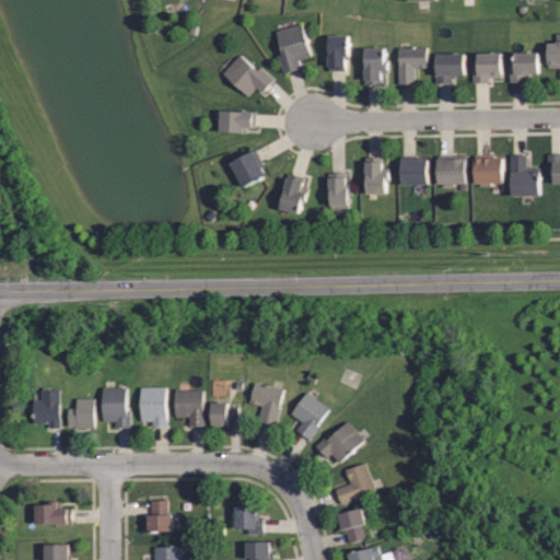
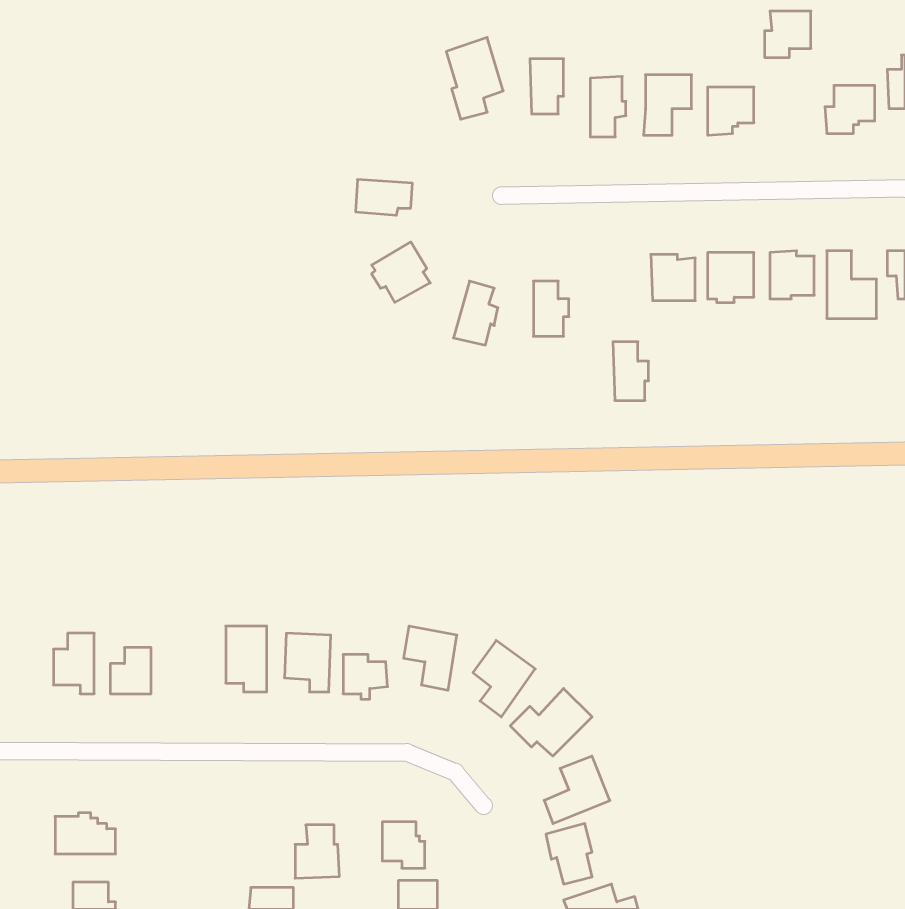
building: [471,54,500,82] -> [765,11,811,57]
building: [222,55,273,95] -> none
building: [364,156,386,192] -> [613,342,649,400]
building: [103,387,130,427] -> none
building: [143,500,171,533] -> [295,825,339,878]

